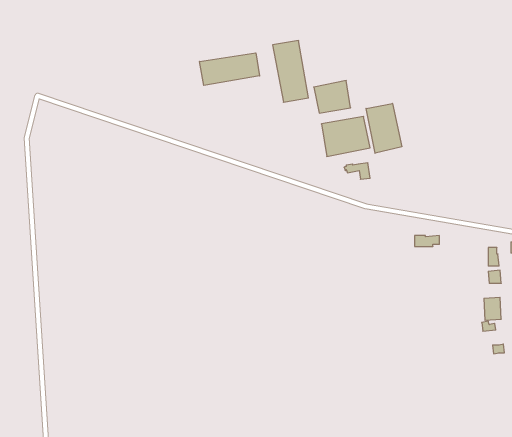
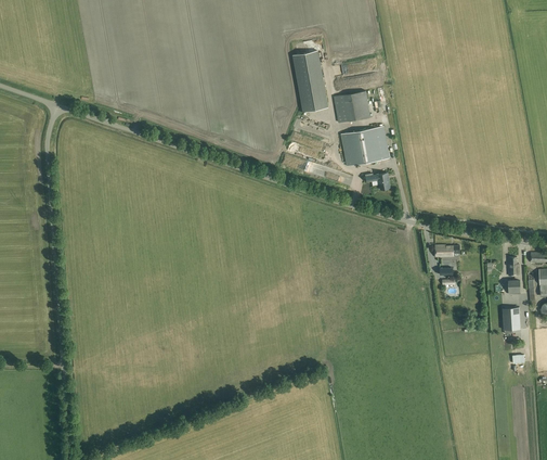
building: [200,53,260,85] -> none
building: [366,103,402,153] -> none

